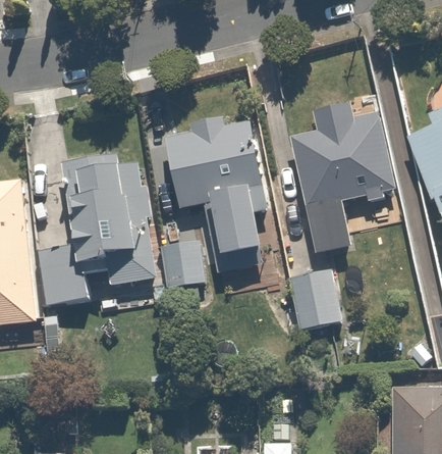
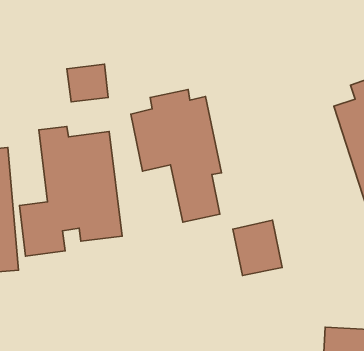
building: none -> [67,64,108,102]
building: [292,105,397,257] -> none
building: [158,238,206,291] -> none

